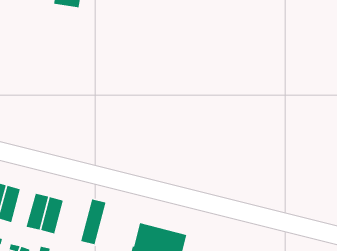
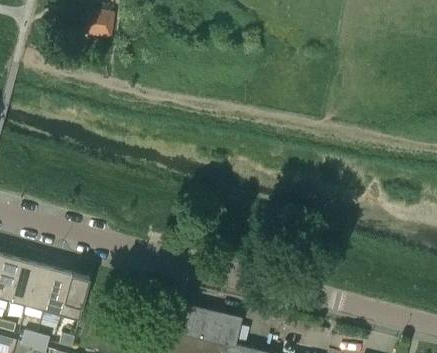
building: none -> [27,263,56,310]
building: [80,199,106,245] -> none

